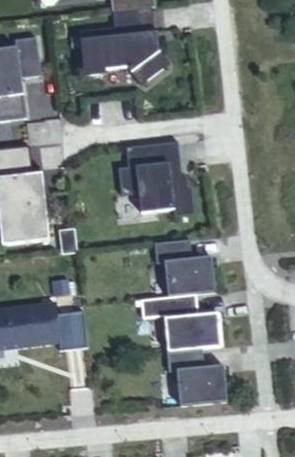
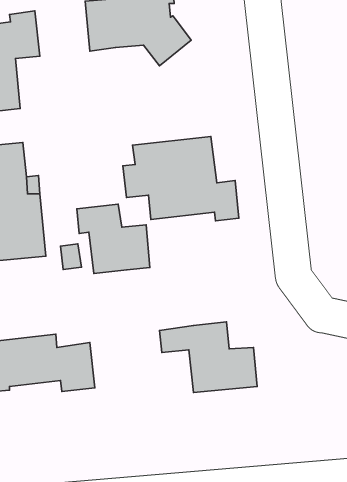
building: [154,239,214,296] -> [77,204,150,274]
building: [166,348,226,405] -> none

